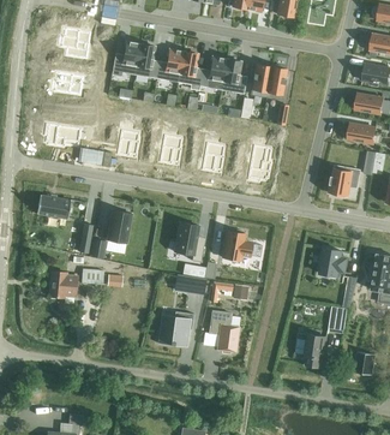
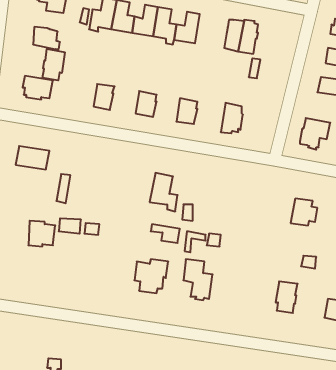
building: [221,58,246,93] -> none
building: none -> [42,49,65,80]
building: [107,209,131,242] -> none
building: [222,230,252,260] -> none

